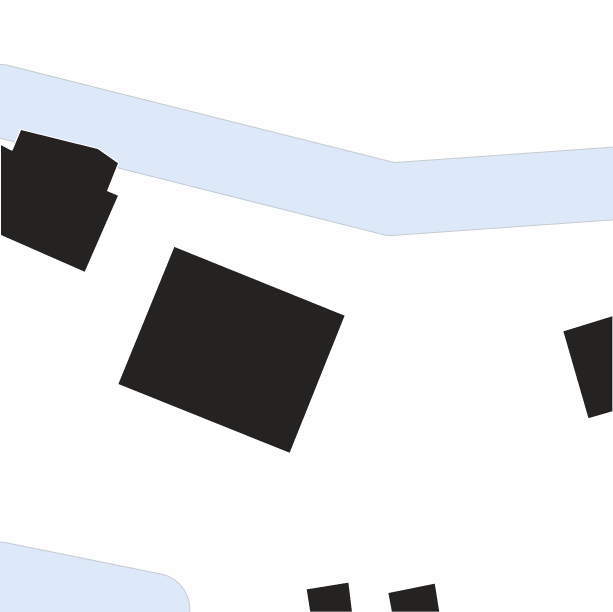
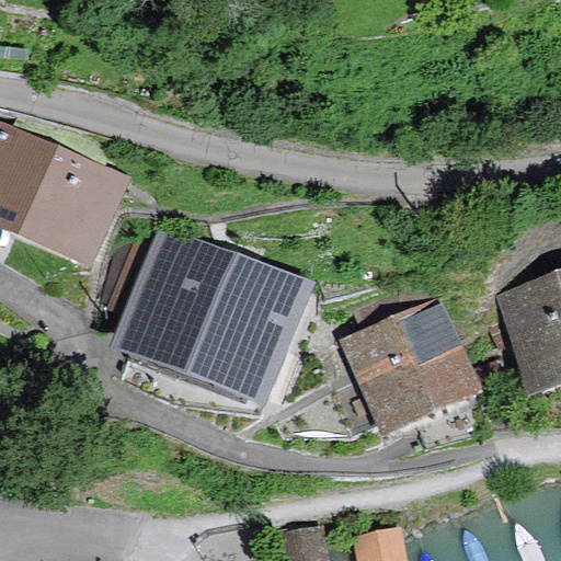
building: none -> [364,310,476,428]

